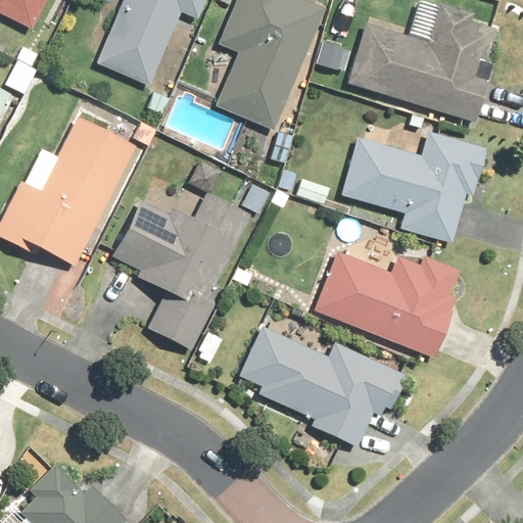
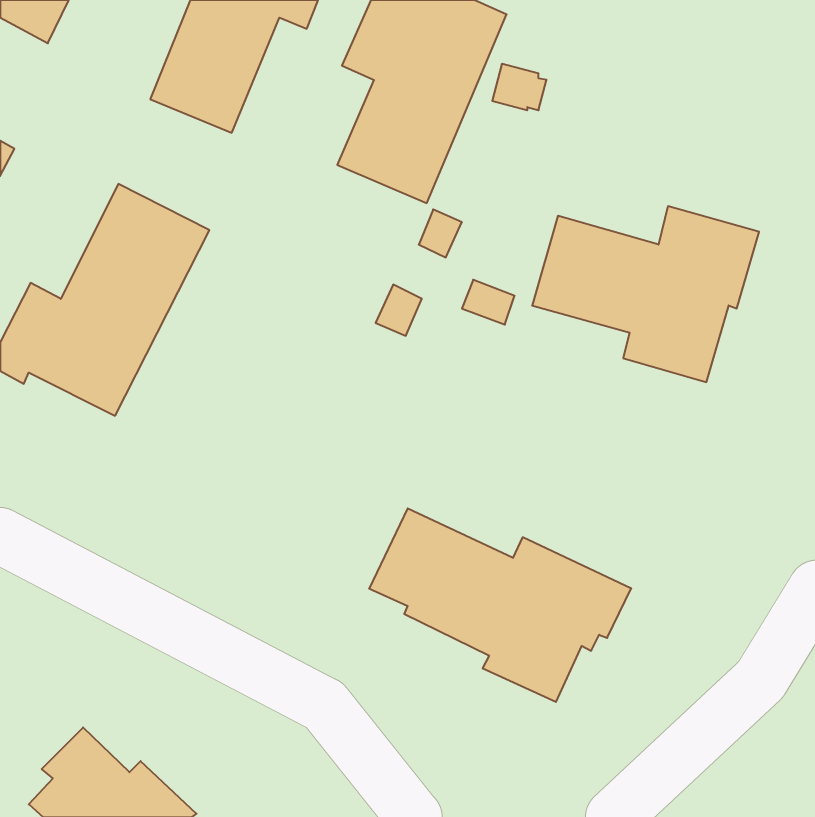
building: [346,4,495,124] -> none
building: [112,193,249,349] -> none
building: [314,251,461,356] -> none

